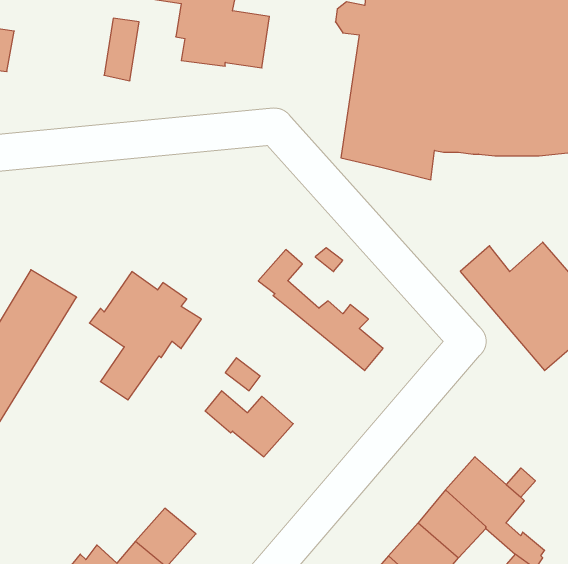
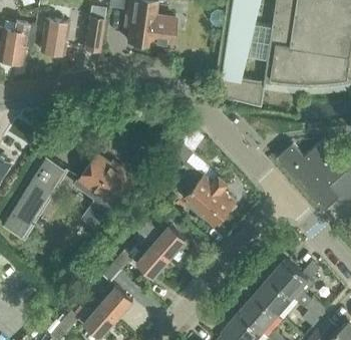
building: none -> [39,18,68,54]
building: none -> [159,161,227,224]
building: none -> [102,244,171,283]

